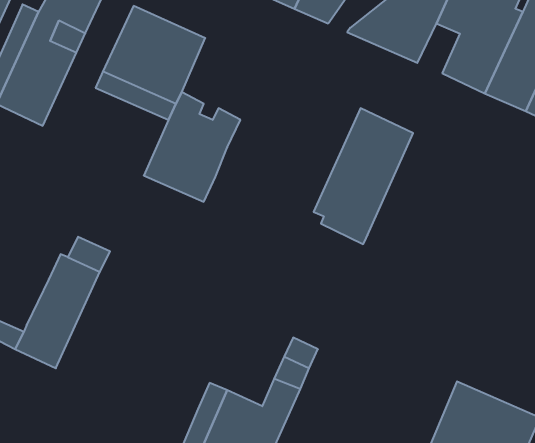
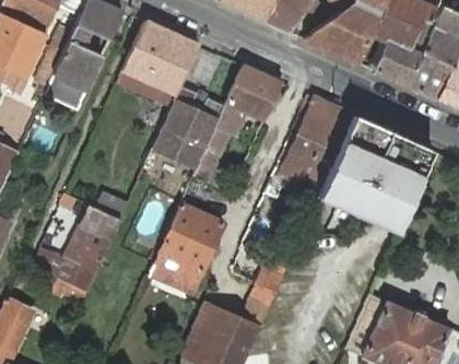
building: none -> [193,64,282,181]
building: none -> [318,115,433,231]
building: none -> [150,203,223,289]

